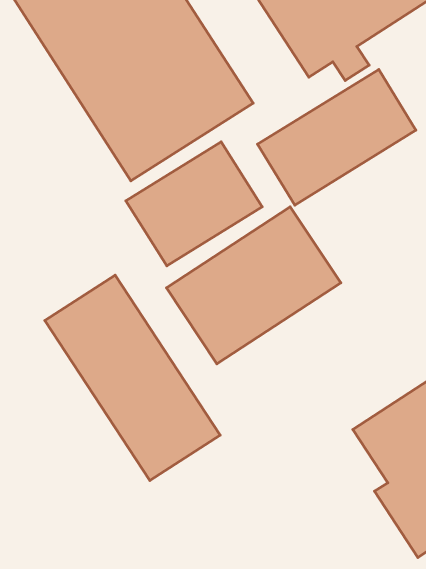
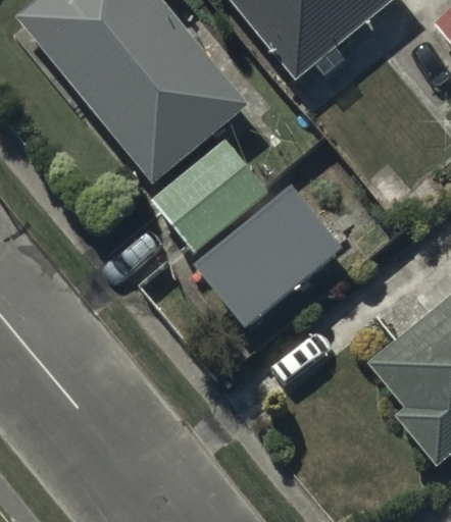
building: [258,69,416,205] -> none
building: [45,275,220,480] -> none

